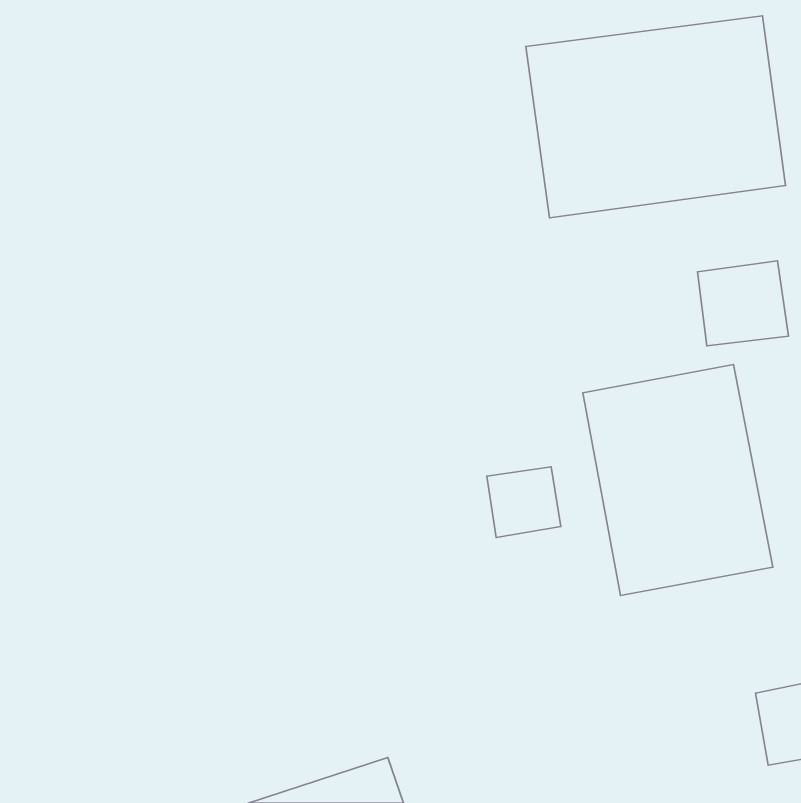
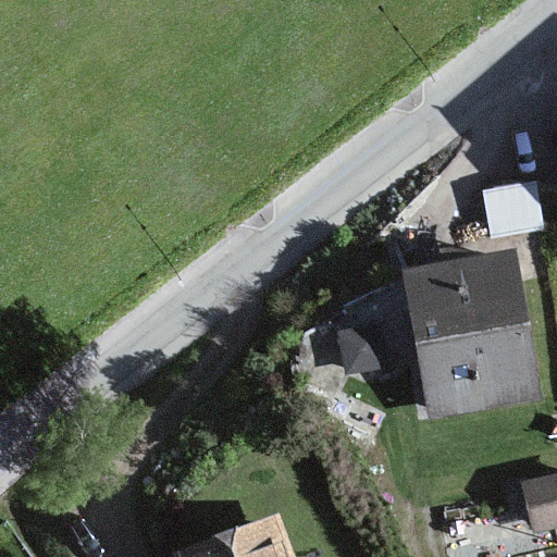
building: [526,16,785,218] -> none

